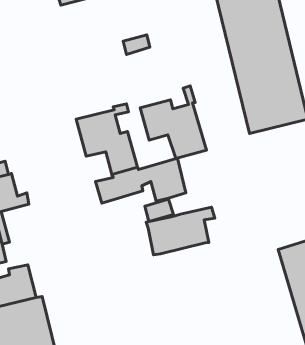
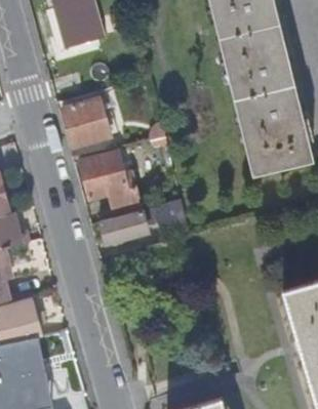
building: none -> [61,96,111,146]
building: [140,86,207,159] -> none
building: [146,207,215,255] -> none

